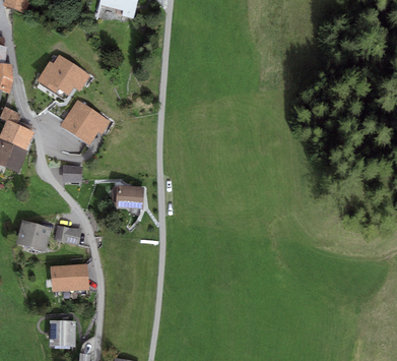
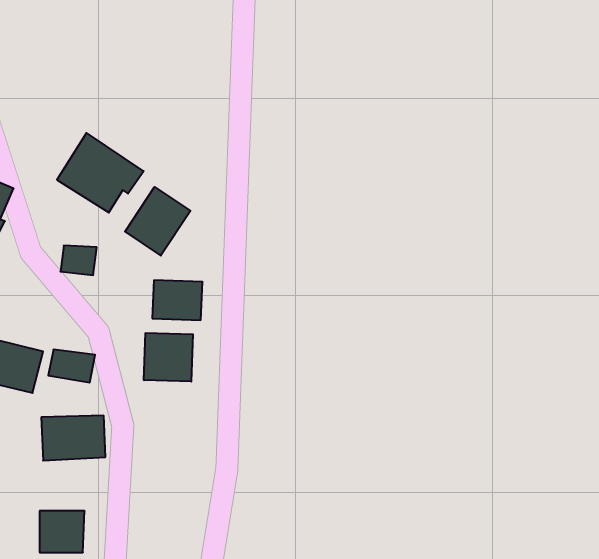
building: [36,54,90,100] -> none
building: none -> [125,187,190,256]
building: none -> [144,333,193,382]

